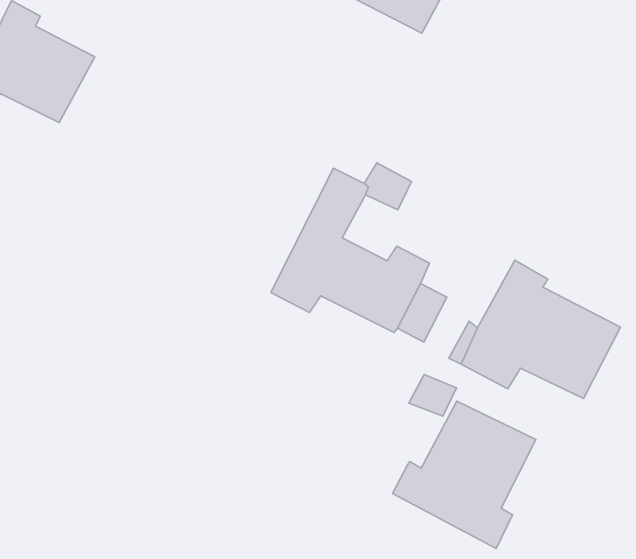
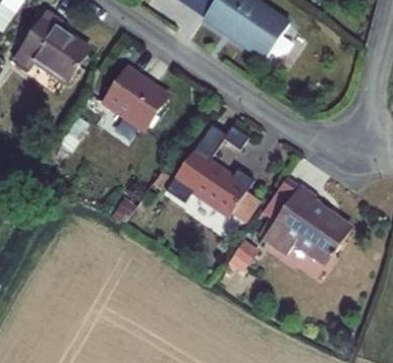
building: none -> [104,68,167,128]
building: [393,401,536,549] -> none

